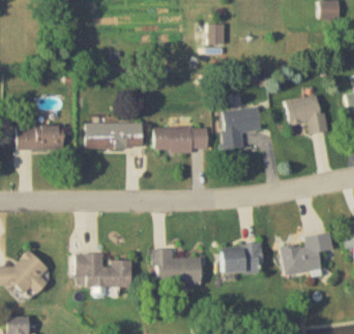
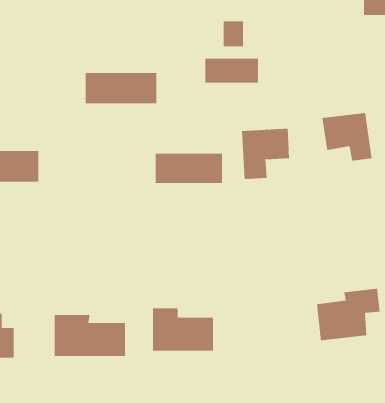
building: none -> [205,58,259,83]
building: [86,123,143,148] -> [85,73,157,104]
building: [222,246,262,272] -> none

